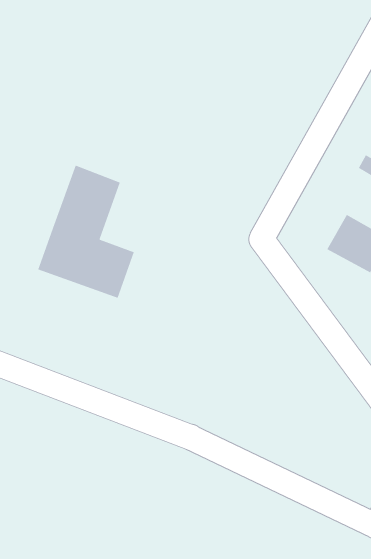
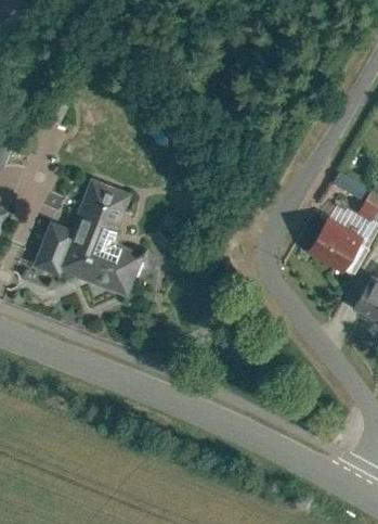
building: none -> [34,221,73,272]

